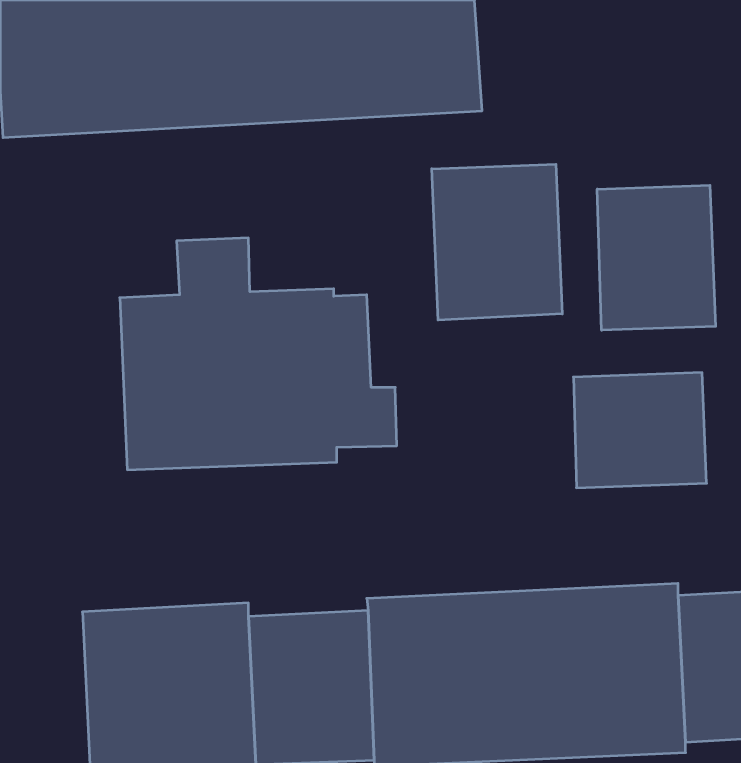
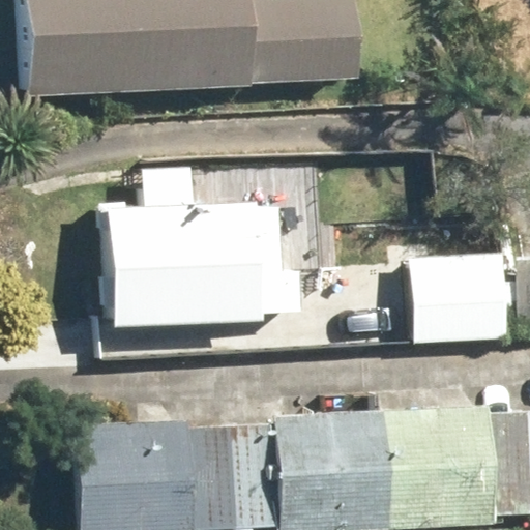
building: [432,164,562,320] -> none
building: [597,185,716,330] -> none

